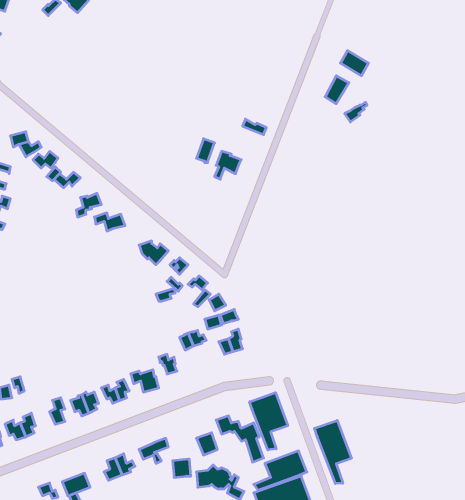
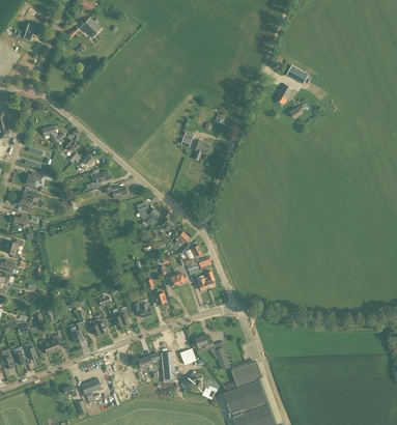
building: [250,393,288,450] -> none
building: [314,420,351,484] -> none

